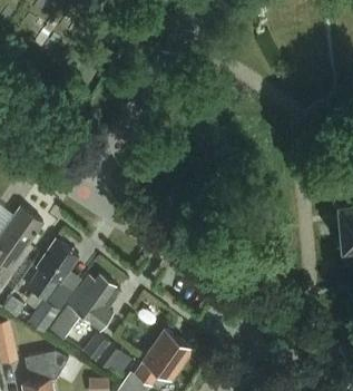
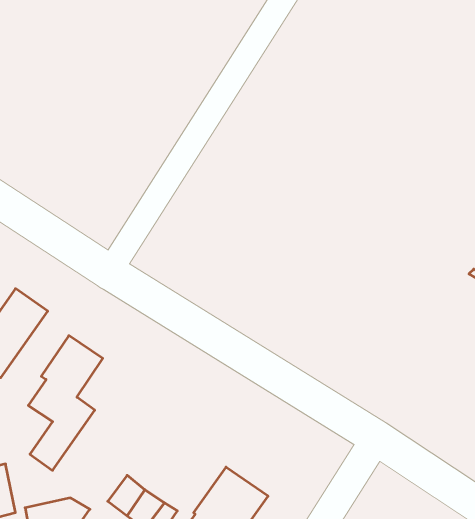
building: [49,275,118,340] -> none

